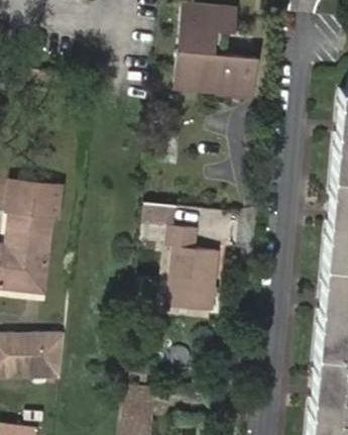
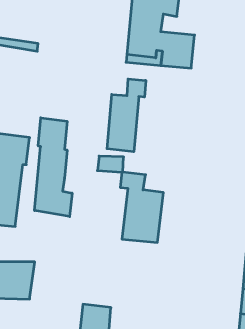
building: none -> [107,79,146,152]
building: none -> [35,118,72,217]

